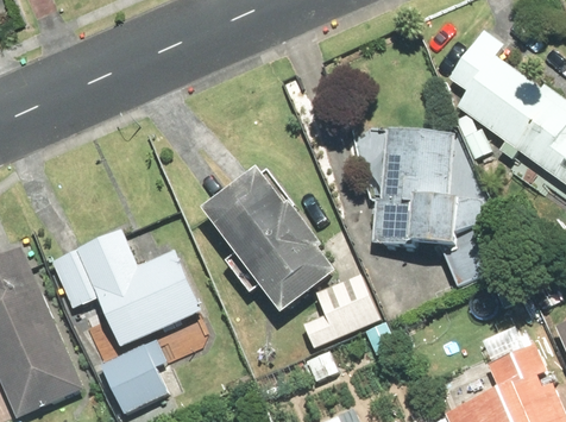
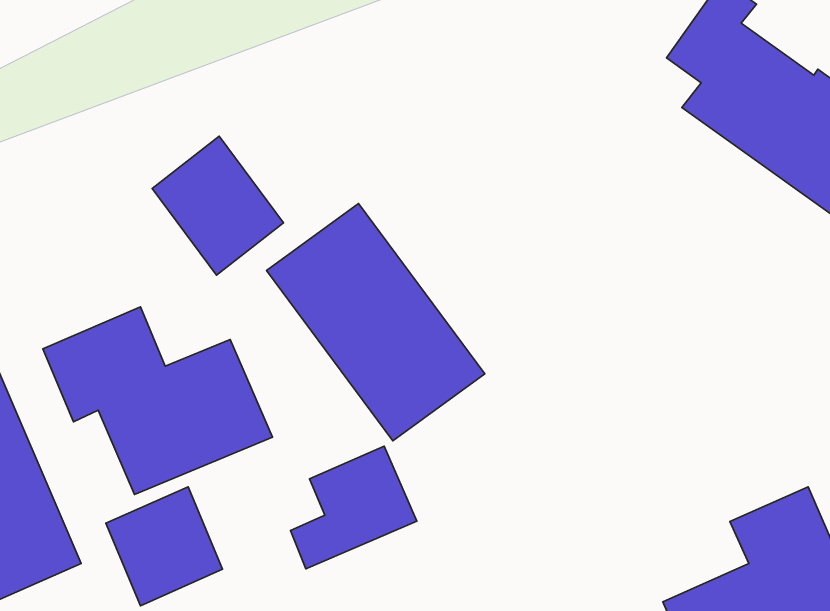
building: none -> [152,136,284,275]
building: [373,128,510,283] -> none
building: [303,272,382,348] -> [290,446,417,569]

